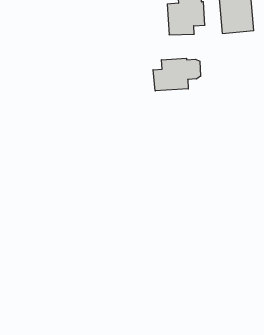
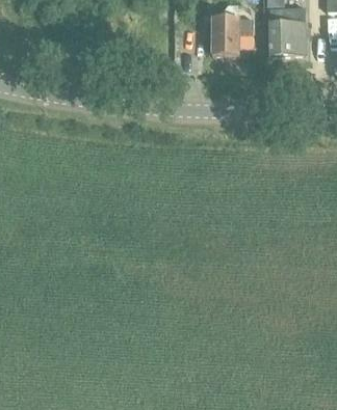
building: [153,58,201,91] -> none

